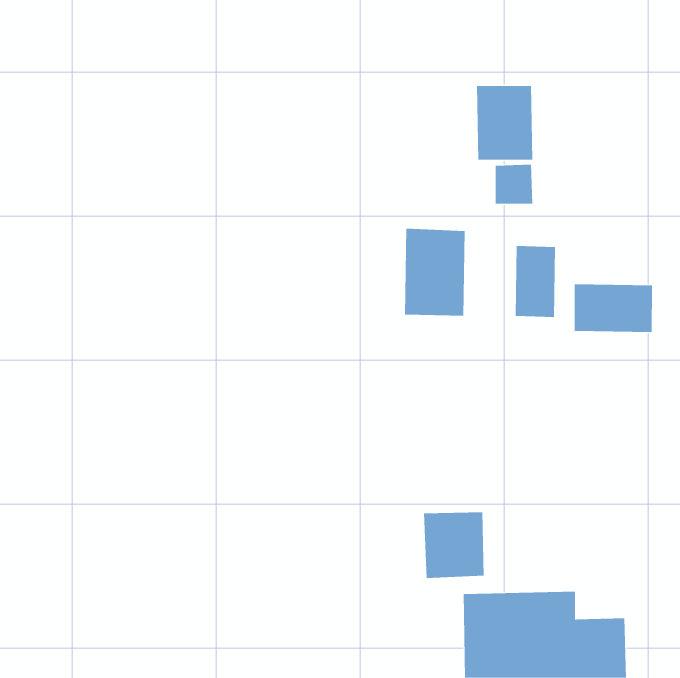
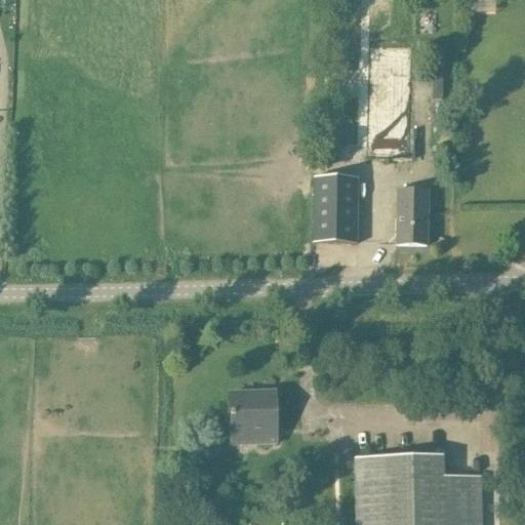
building: [574,284,653,333] -> none
building: [423,512,485,579] -> [229,392,276,443]

